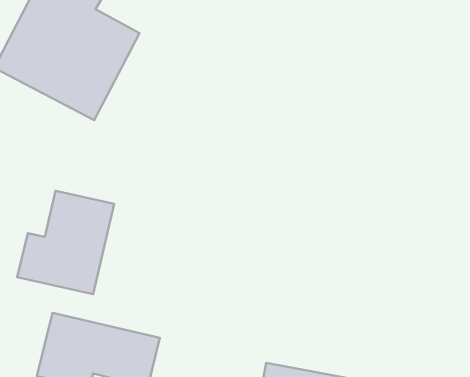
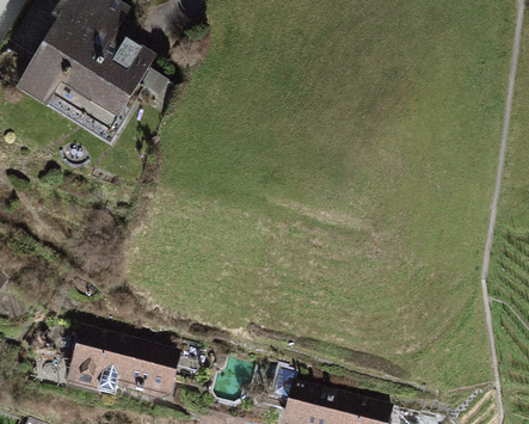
building: [17,191,114,294] -> none

